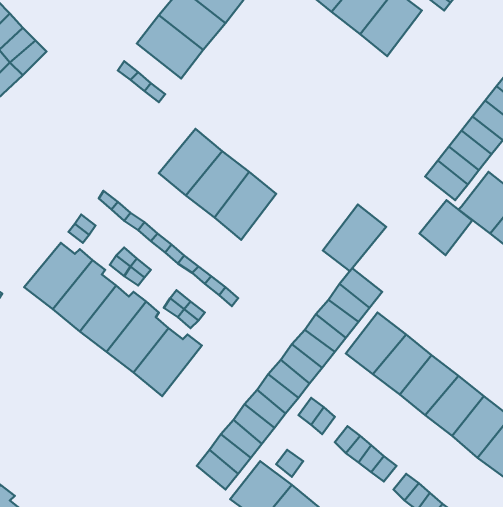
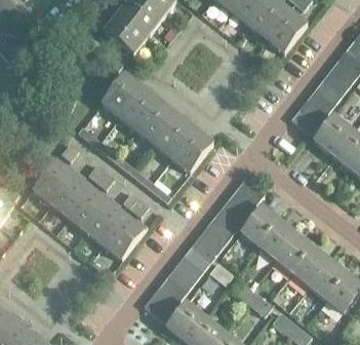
building: none -> [267,10,308,54]
building: none -> [103,74,143,116]
building: [420,200,472,255] -> none
building: [323,205,386,271] -> [172,129,213,172]

